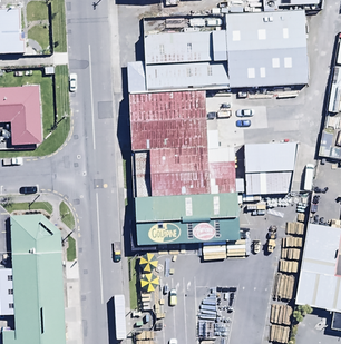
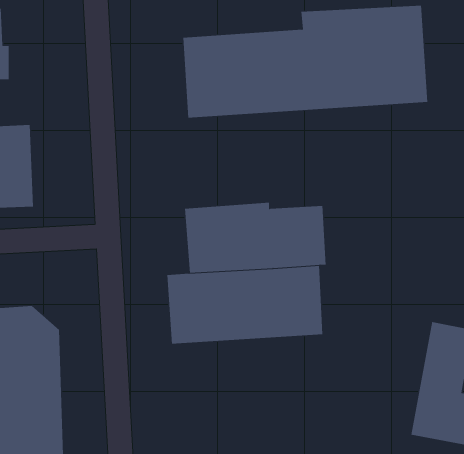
building: [125,83,202,147] -> none
building: [242,140,299,195] -> none

